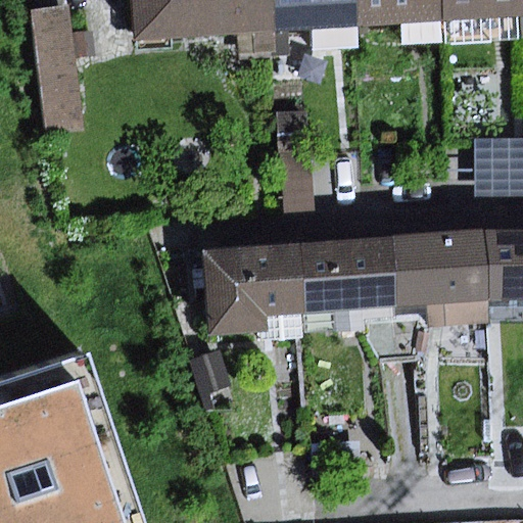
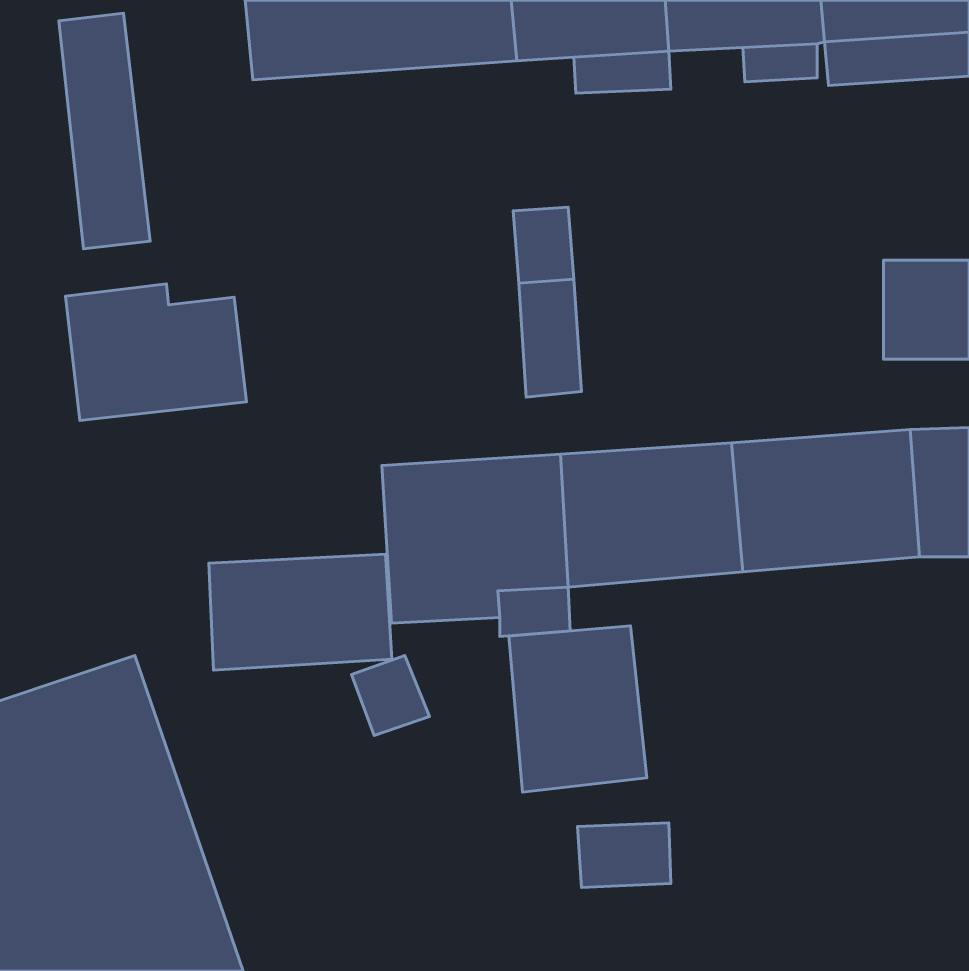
building: none -> [66,284,246,420]
building: none -> [209,554,392,670]
building: none -> [509,626,647,792]

